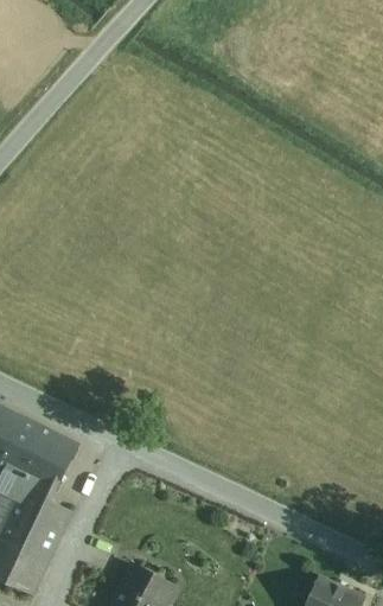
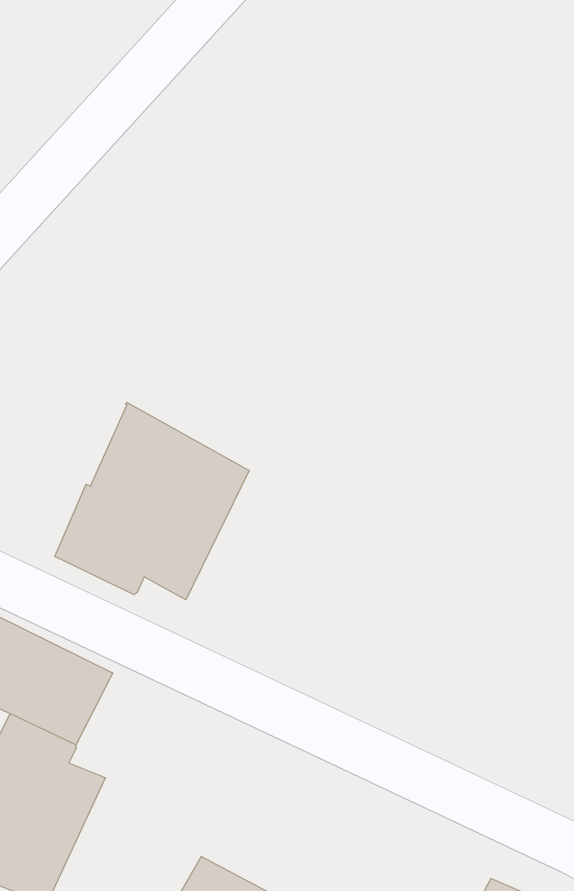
building: none -> [55,402,249,600]

